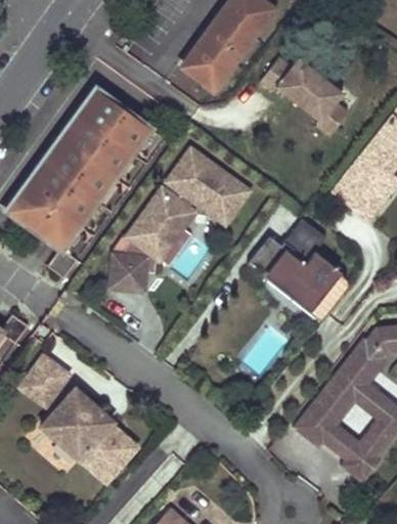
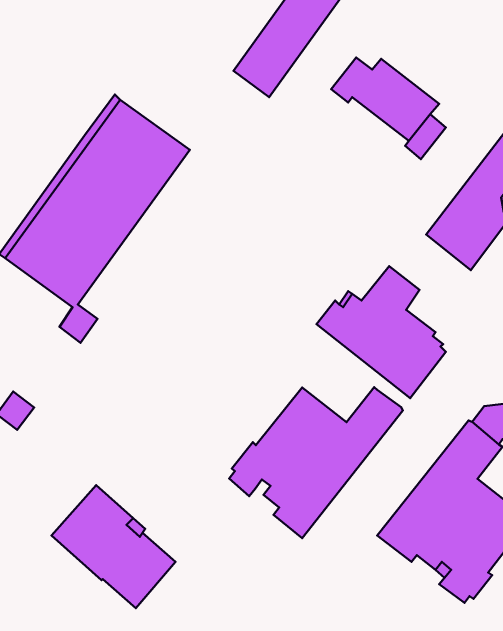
building: [113,151,248,290] -> none
building: none -> [229,387,403,538]
building: [20,356,70,406] -> none

